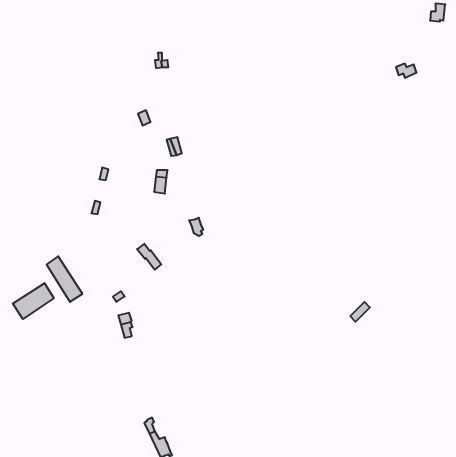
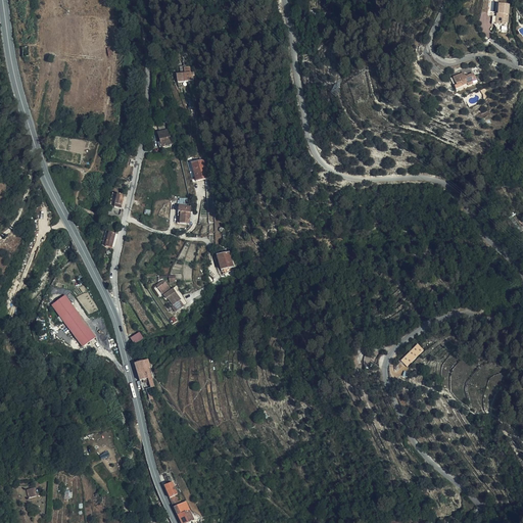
building: [13,283,54,319] -> none

